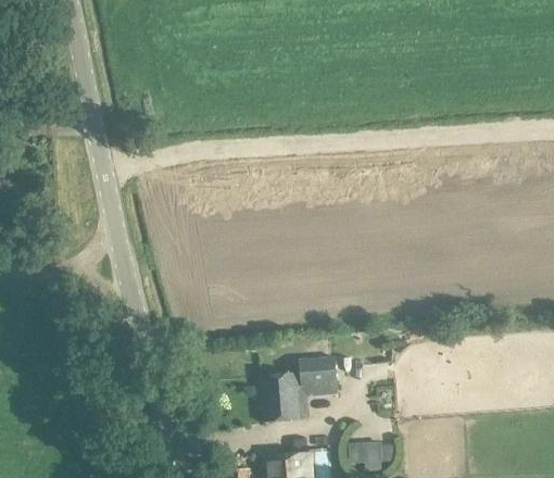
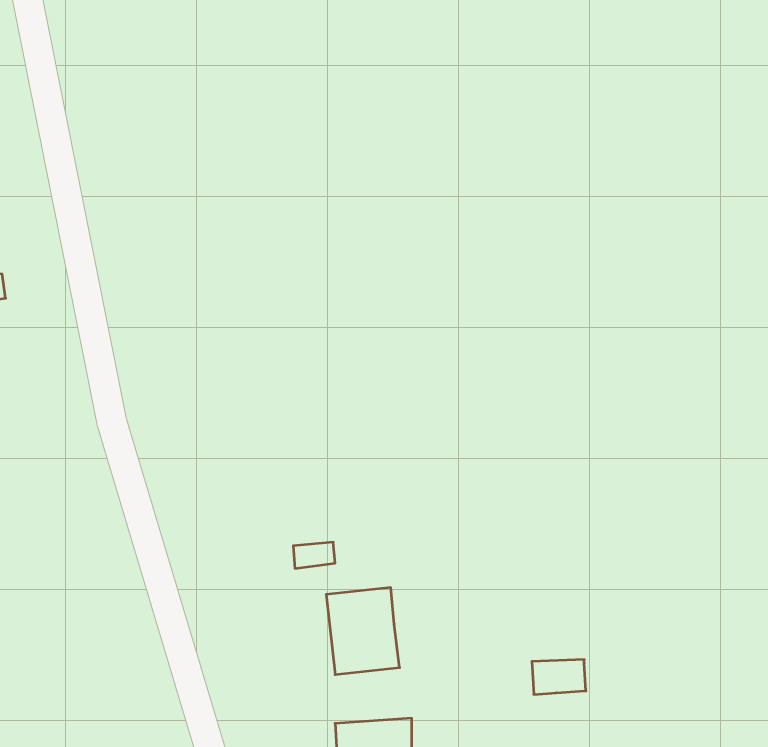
building: [301,356,340,393] -> none
building: [351,440,385,462] -> [532,660,586,694]

